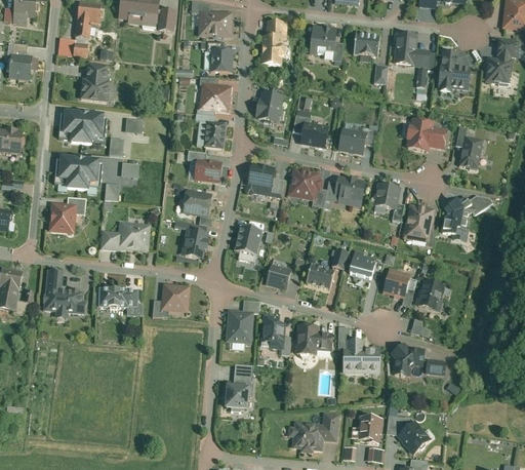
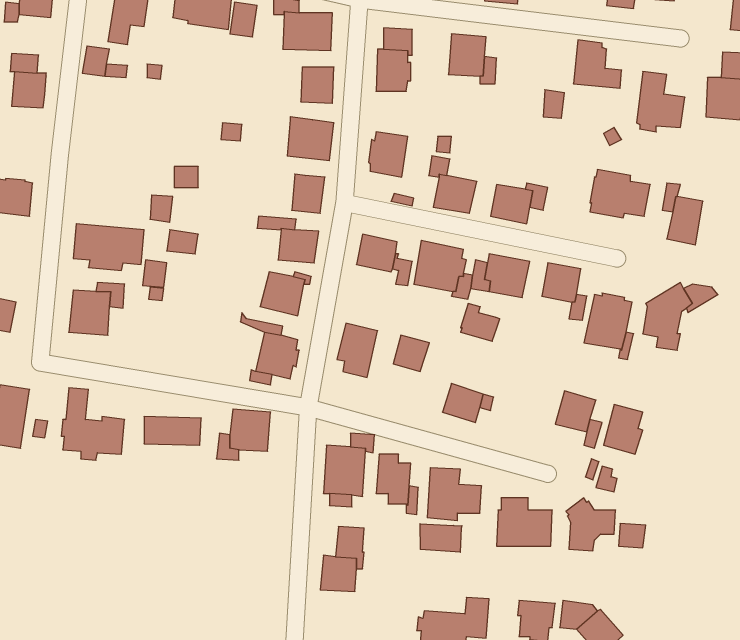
building: [354,34,379,61] -> none
building: [84,58,113,100] -> none
building: [58,112,107,144] -> none
building: [104,220,154,249] -> none
building: [350,250,376,276] -> [461,304,500,341]
building: [266,263,290,287] -> [393,335,429,371]
building: none -> [420,524,462,552]

